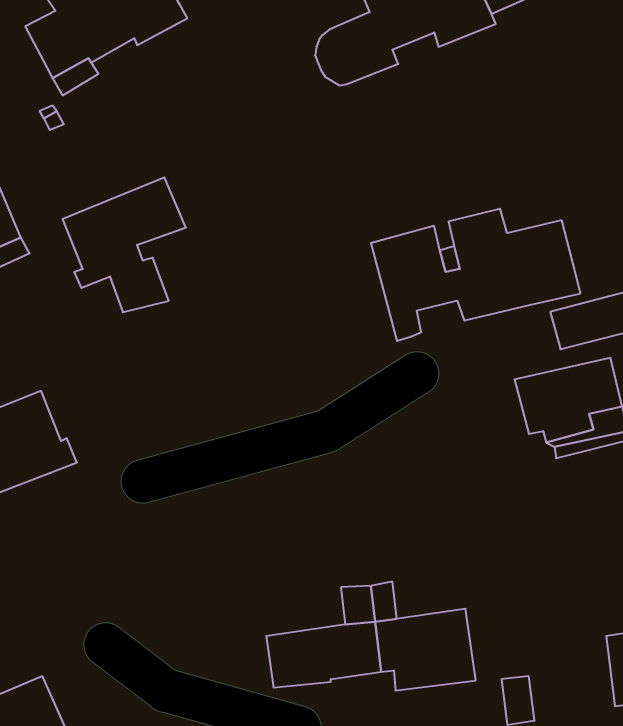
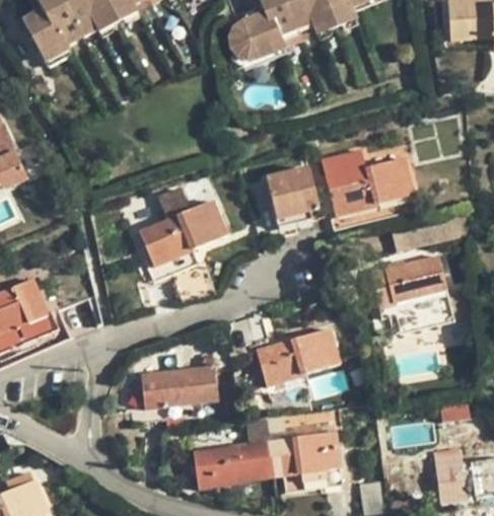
building: [63,177,186,312] -> [139,198,226,293]
building: none -> [259,326,339,391]
building: none -> [129,364,217,422]

